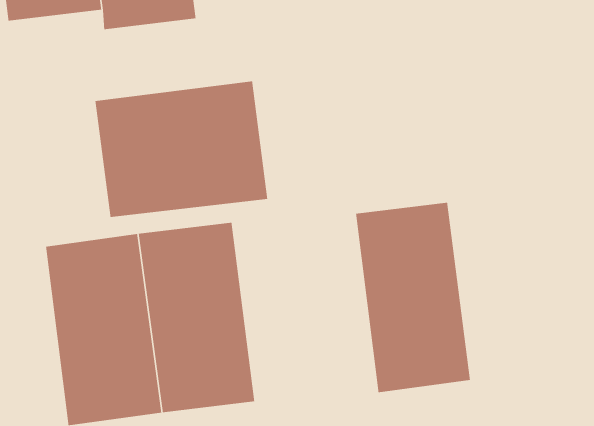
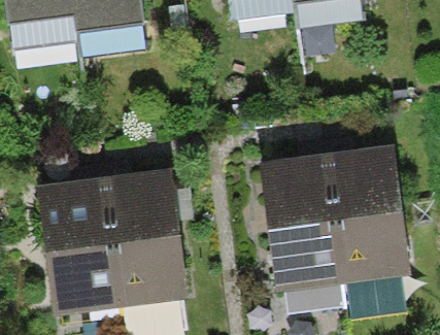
building: [95,81,268,218] -> none
building: none -> [327,145,411,283]

